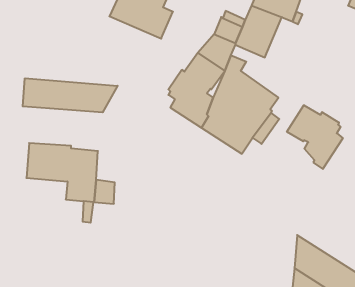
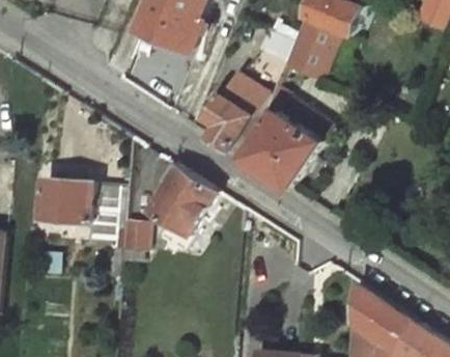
building: [23,78,118,112] -> none
building: [287,105,343,169] -> none
building: none -> [148,163,214,236]

